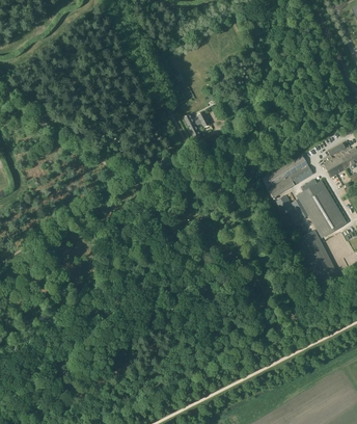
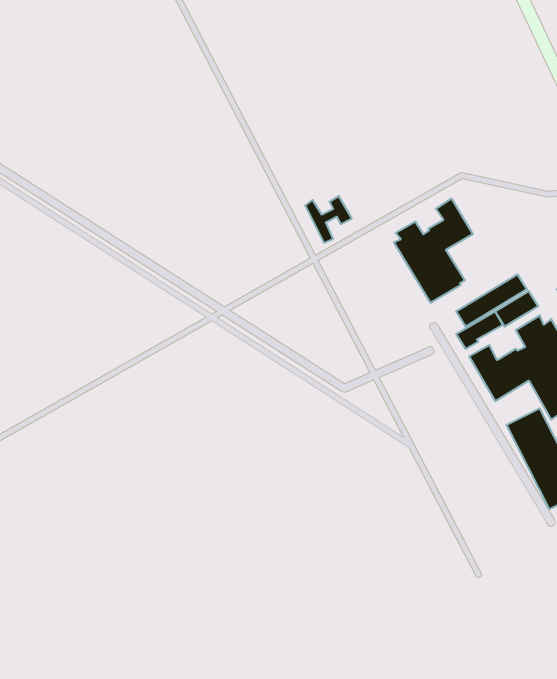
building: none -> [394,199,473,303]

